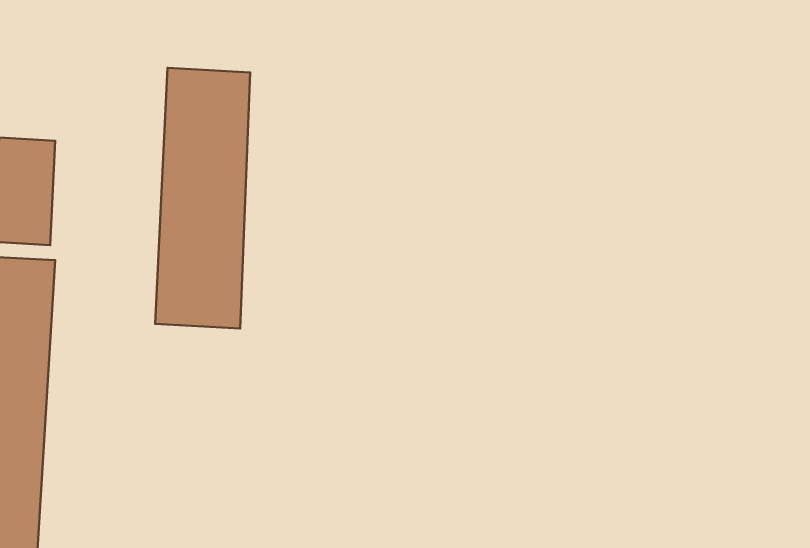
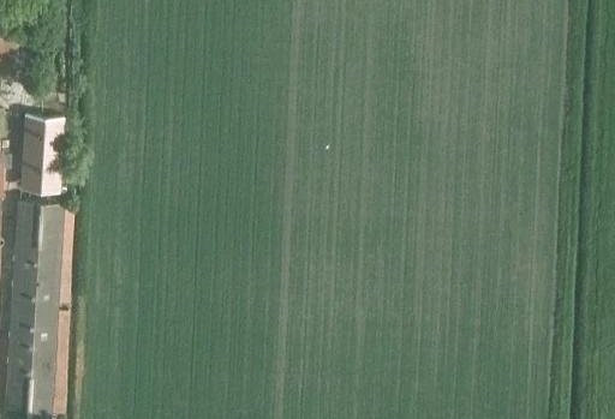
building: [155,68,250,329] -> none

